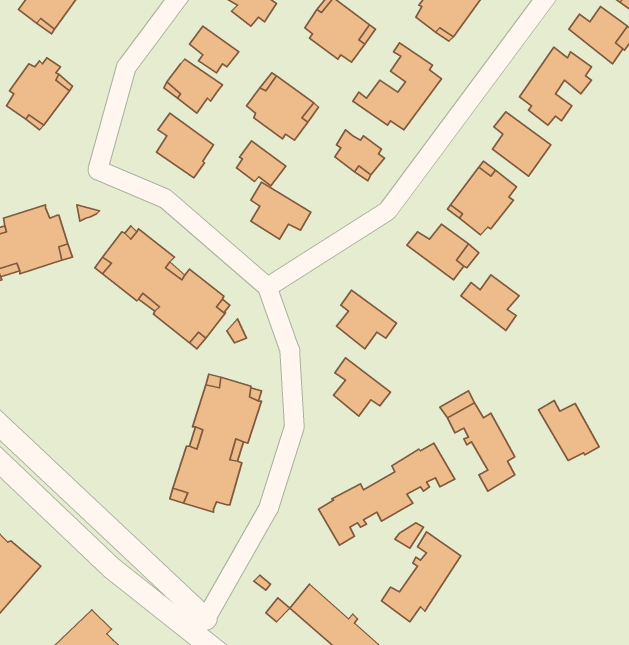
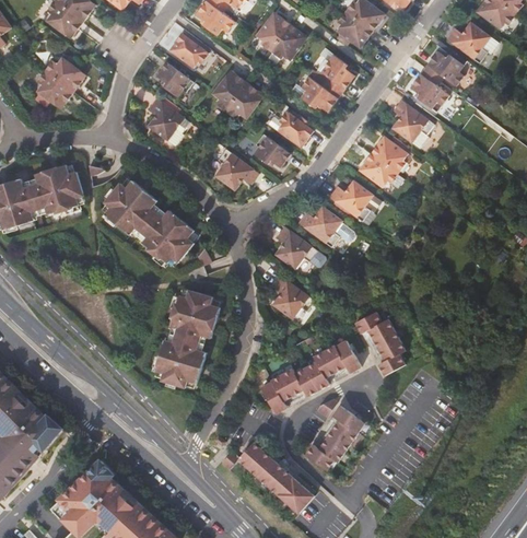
building: [236,141,286,186] -> [253,133,289,166]
building: [461,275,519,330] -> [300,204,342,245]
building: [539,401,599,461] -> none

